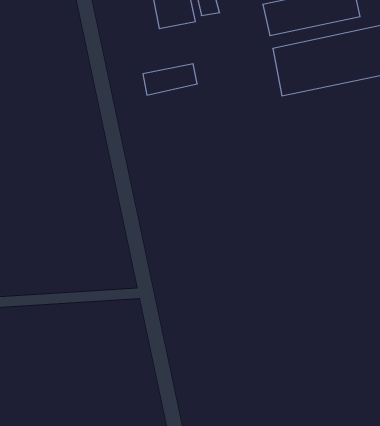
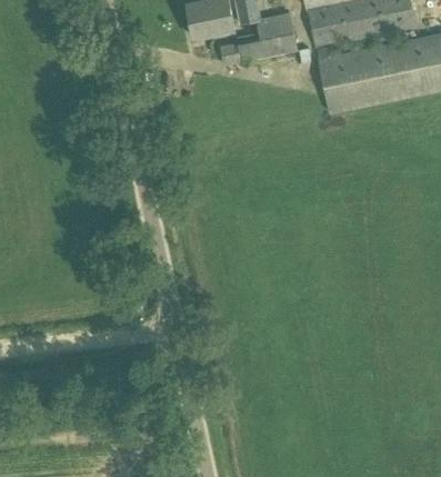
building: [143,64,197,95] -> [235,24,295,59]

